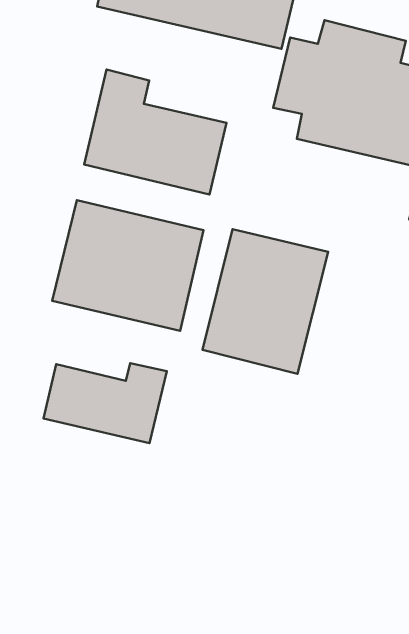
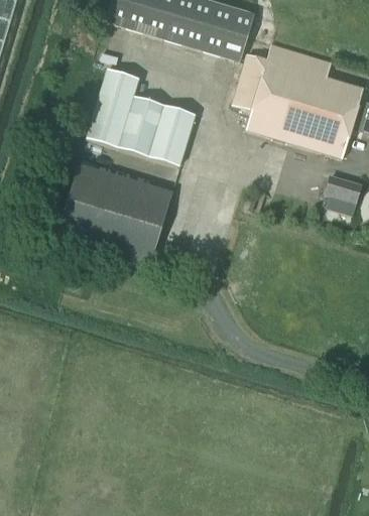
building: [202,229,328,374] -> none
building: [43,363,167,443] -> none

